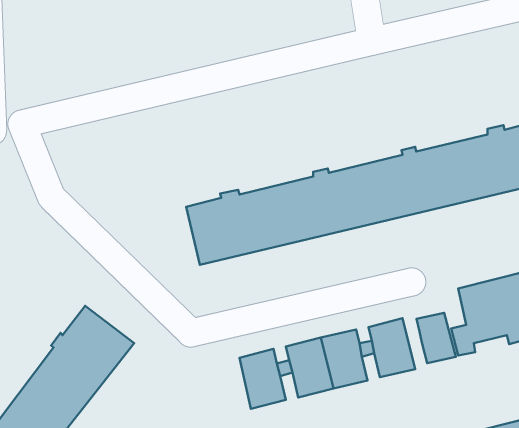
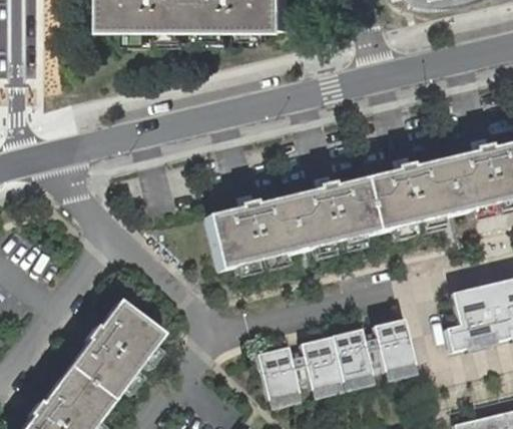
building: [416,313,456,363] -> none

